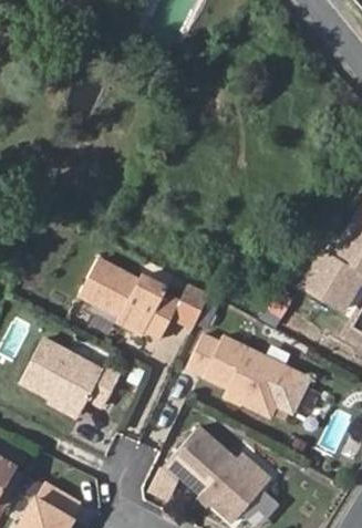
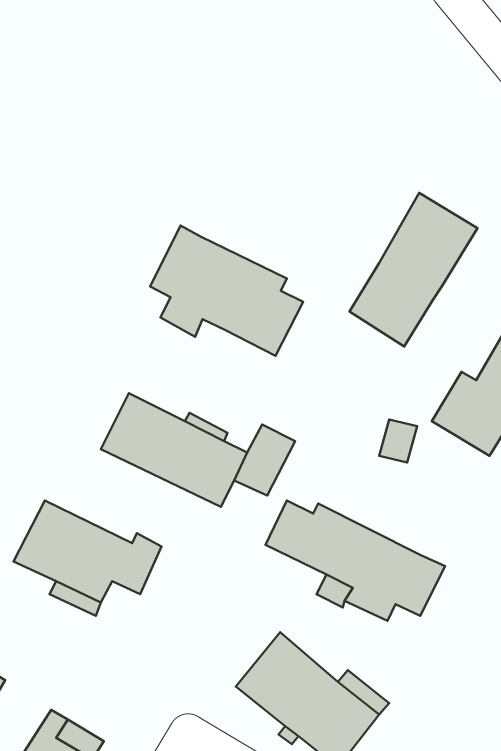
building: none -> [349,193,478,346]
building: none -> [150,225,303,356]

